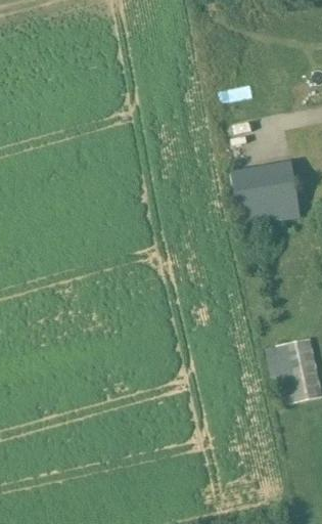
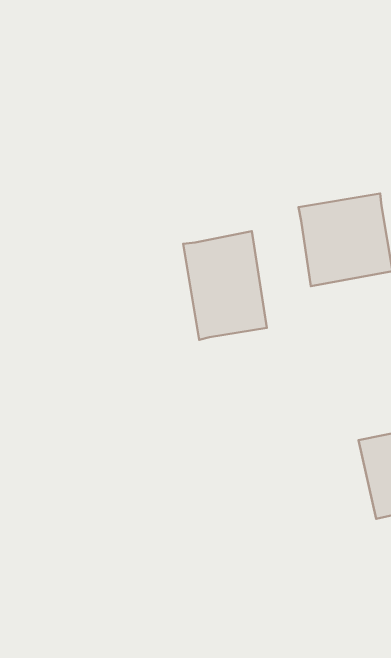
building: none -> [183,231,267,340]

